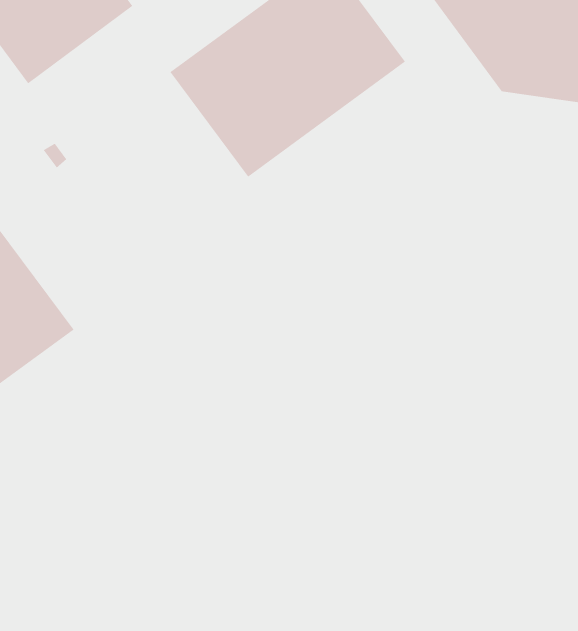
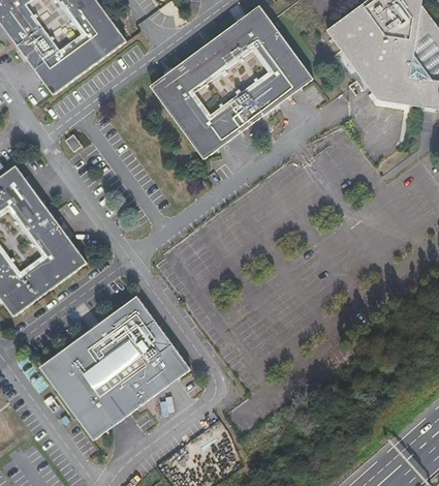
building: none -> [41,296,190,439]

